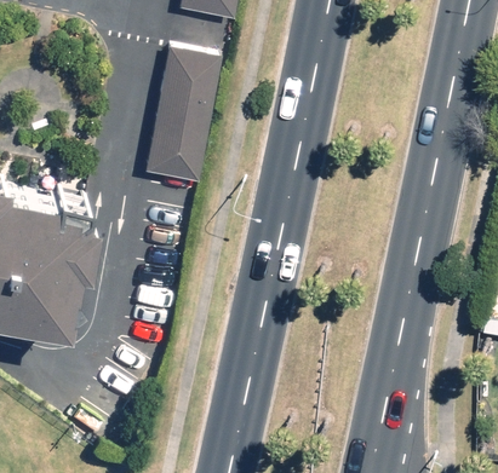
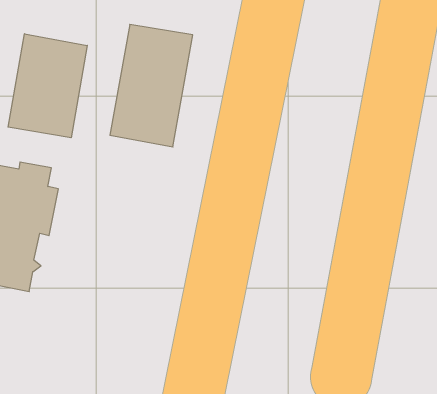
building: none -> [8,34,87,138]

